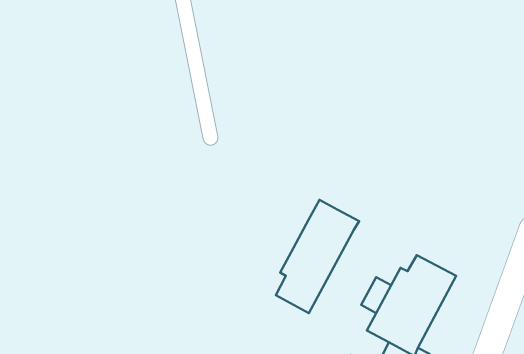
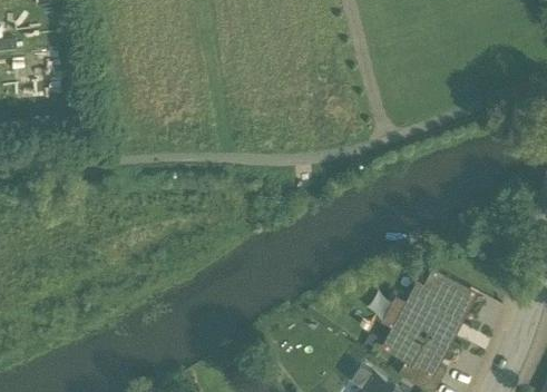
building: [276,200,359,313] -> none

